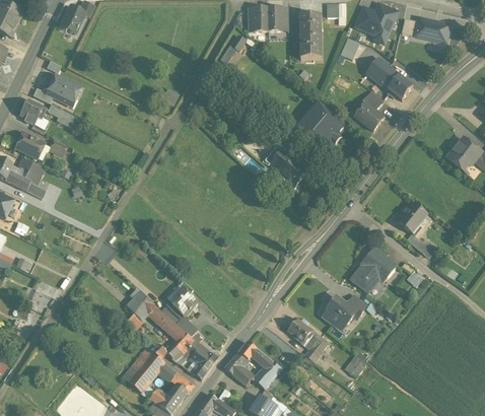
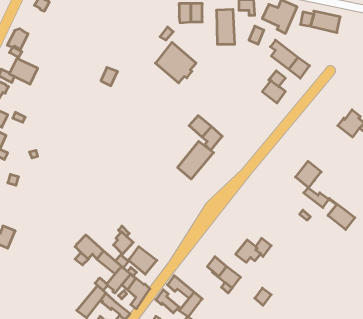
building: [58,7,83,32] -> [7,29,28,49]
building: [294,99,344,149] -> [155,42,196,83]
building: none -> [178,141,214,179]
building: none -> [328,198,355,230]
building: [349,247,395,290] -> none
building: none -> [128,247,157,274]

